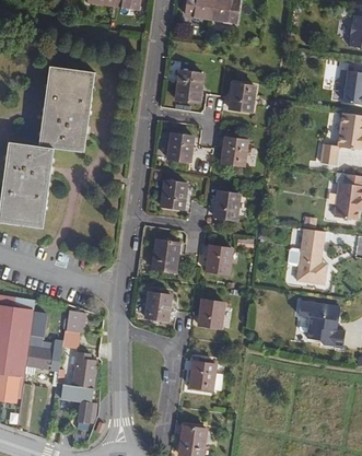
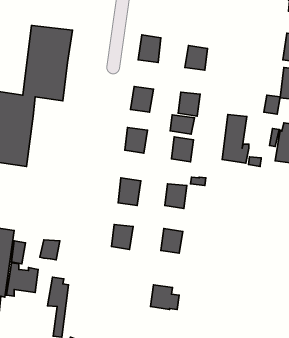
building: none -> [170,115,194,134]
building: [296,227,327,283] -> [222,115,249,163]
building: [295,303,342,349] -> none

